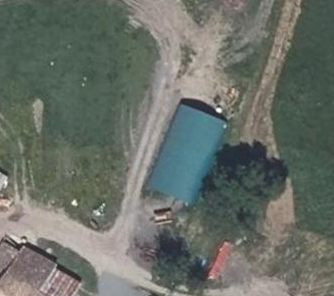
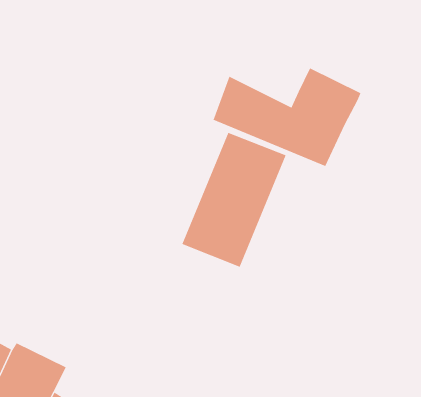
building: none -> [213,67,361,167]

